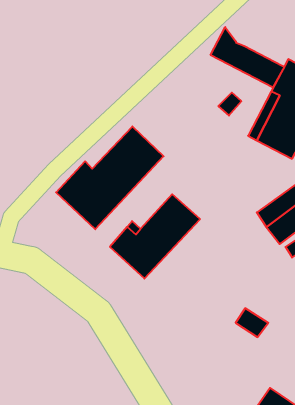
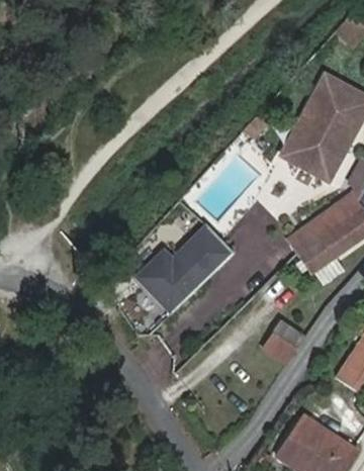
building: [211,27,284,88] -> none
building: [56,126,164,229] -> none

